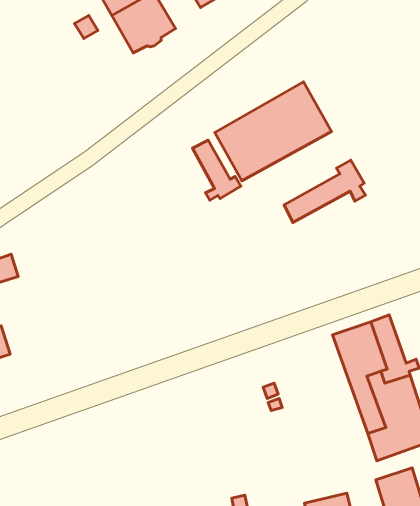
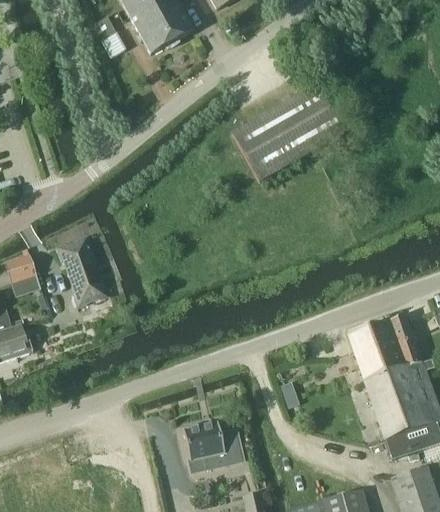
building: [193,140,241,200] -> none
building: [284,160,365,223] -> none
building: none -> [56,235,108,307]
building: none -> [183,422,243,469]

